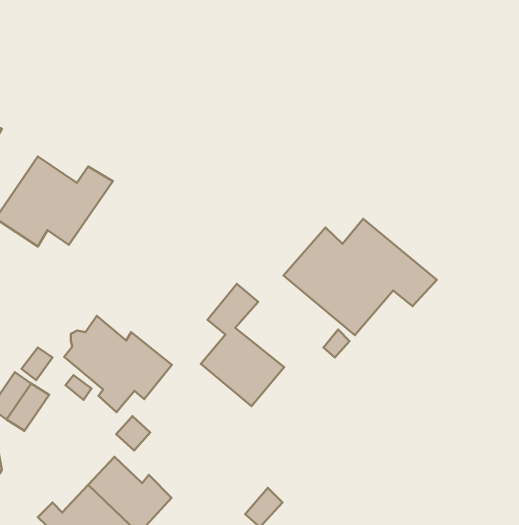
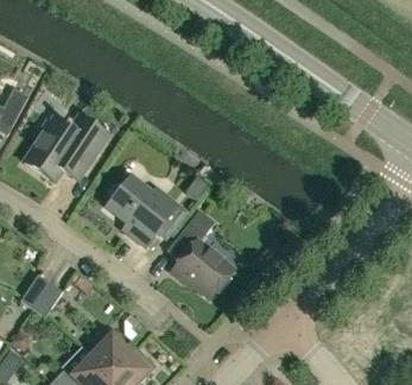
building: [284,219,437,335] -> none
building: [64,316,172,412] -> [106,175,184,245]

